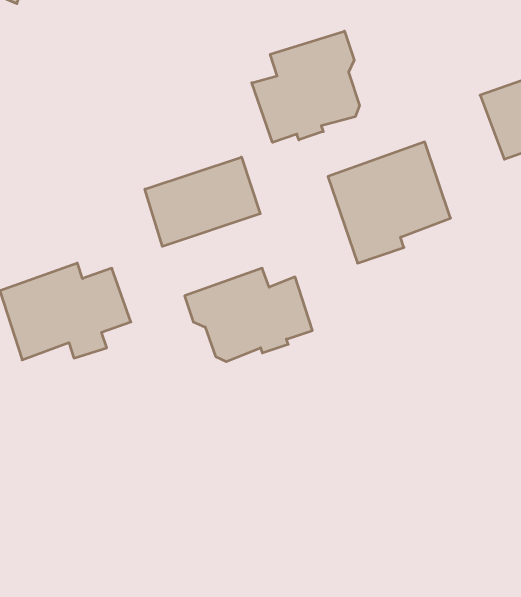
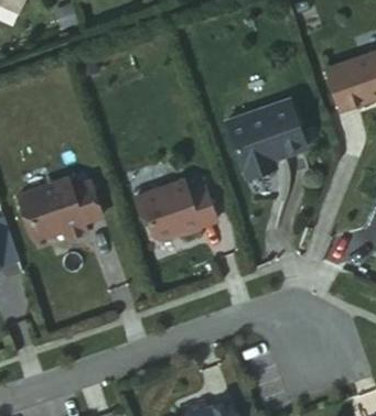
building: [252,31,359,142] -> none
building: [145,157,260,246] -> none

